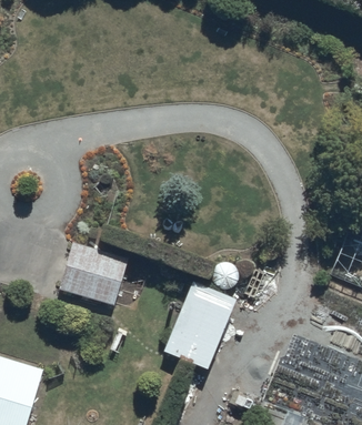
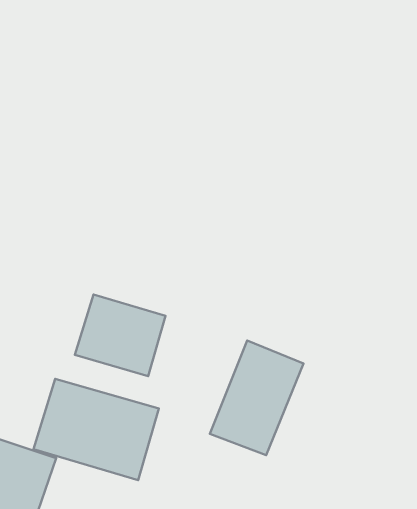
building: none -> [34,379,159,480]

